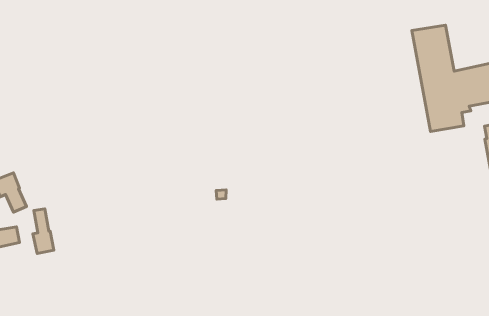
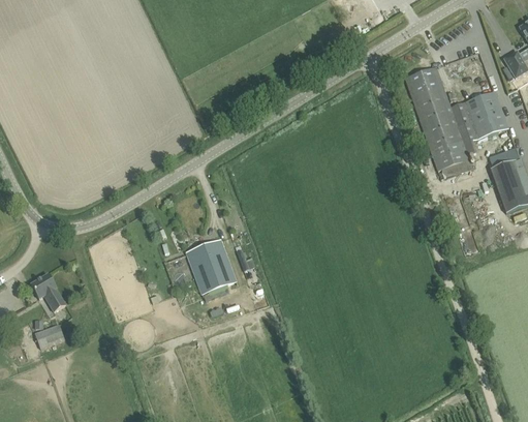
building: none -> [186,237,238,294]
building: [33,209,54,254] -> none

